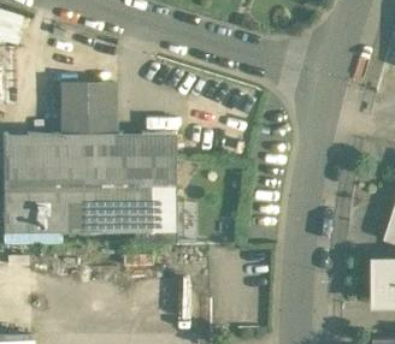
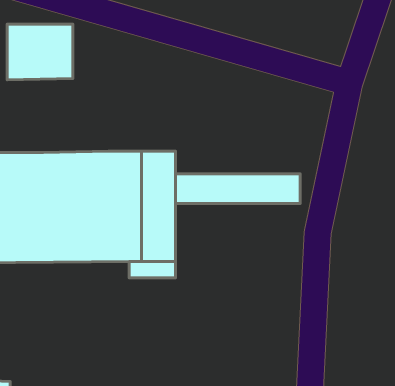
building: [59,87,117,136] -> [7,24,73,80]
building: none -> [176,174,300,204]

